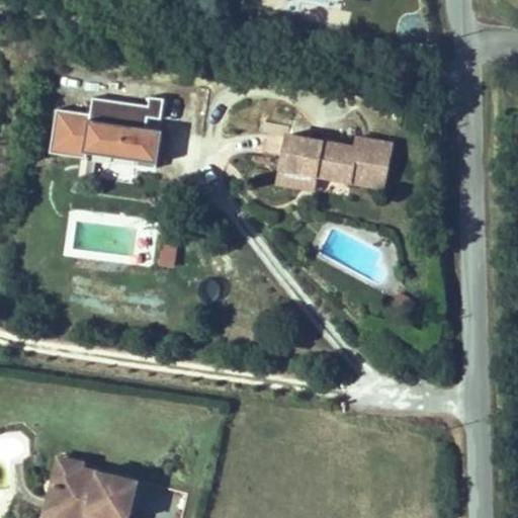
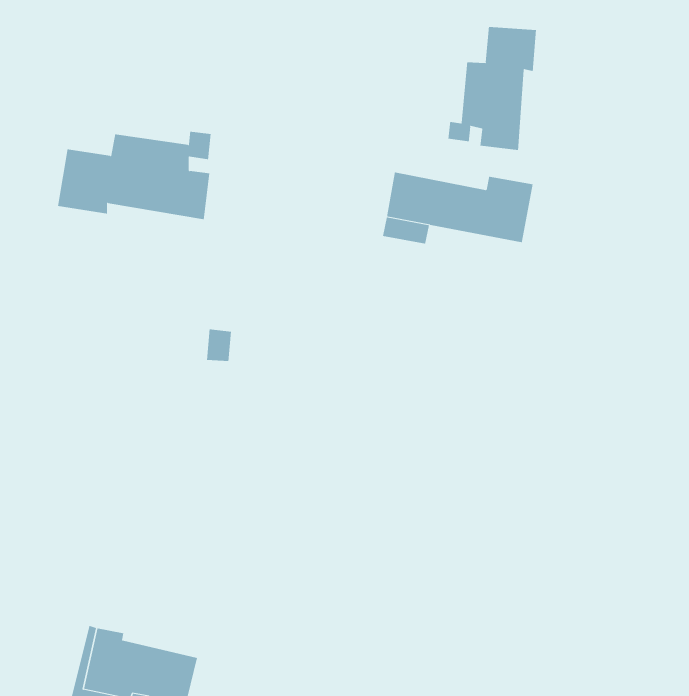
building: none -> [448,26,536,151]

